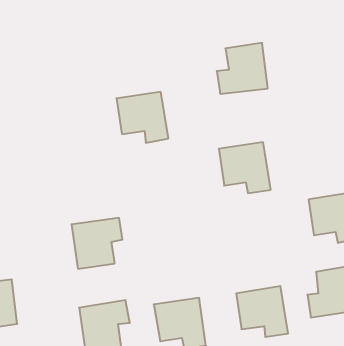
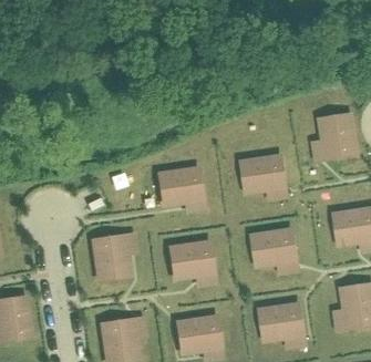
building: [217,43,268,94] -> [310,110,362,162]
building: [116,92,168,143] -> [155,164,208,216]
building: none -> [249,225,302,276]
building: none -> [166,237,219,289]

